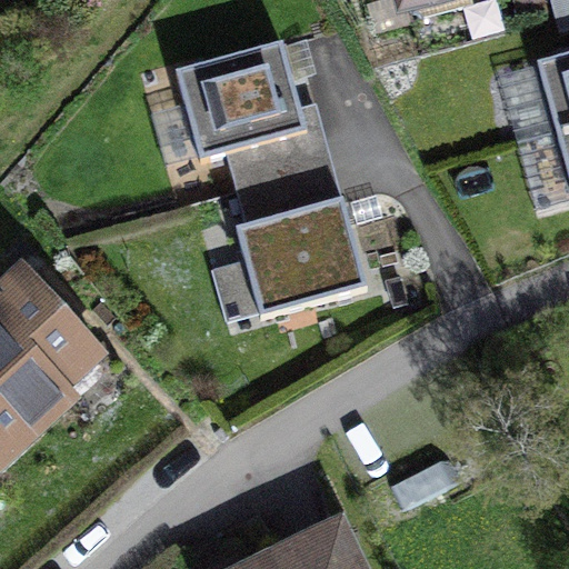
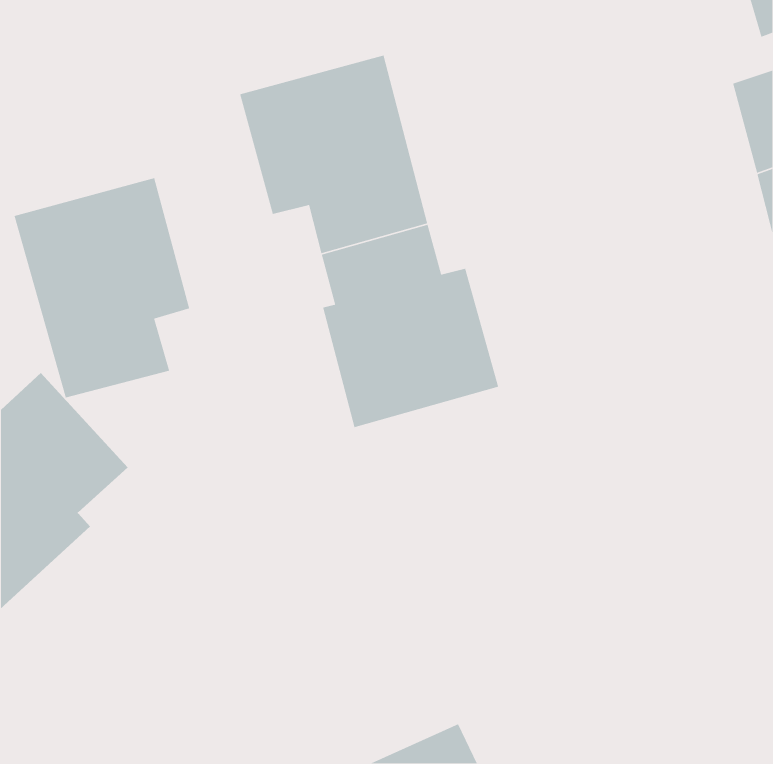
building: none -> [14,177,190,399]

